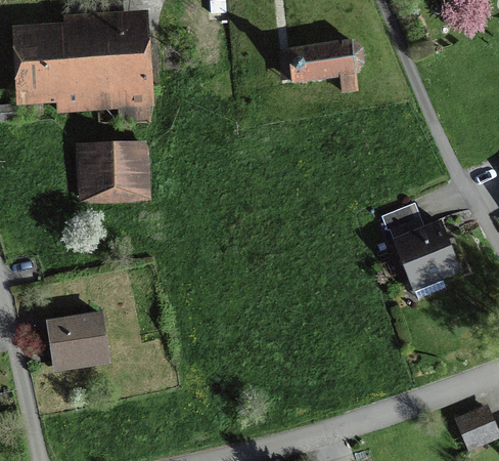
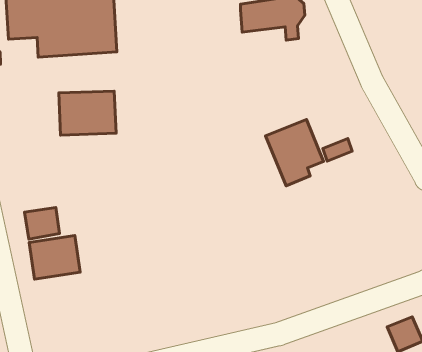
building: [393,221,459,297] -> [265,120,324,186]
building: none -> [25,207,60,239]

